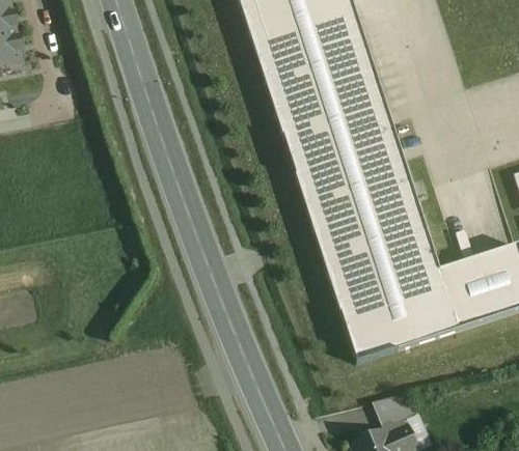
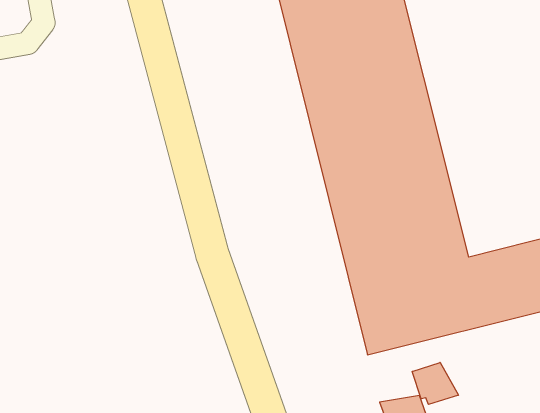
building: none -> [412,362,458,404]

